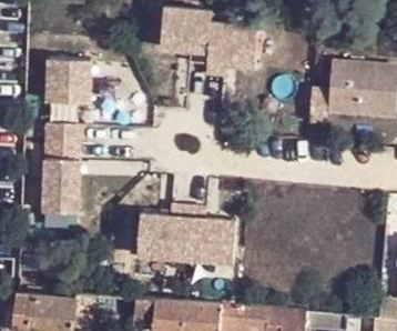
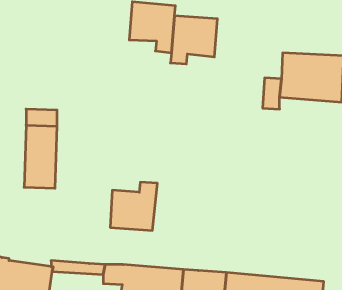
building: [47,62,90,107] -> none
building: [185,210,237,265] -> none

